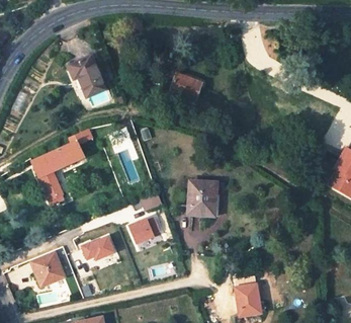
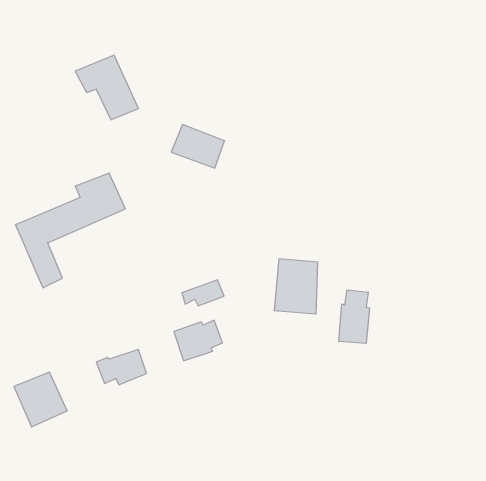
building: [168,72,201,99] -> [171,125,225,168]
building: none -> [339,290,369,344]
building: [234,284,260,315] -> none

